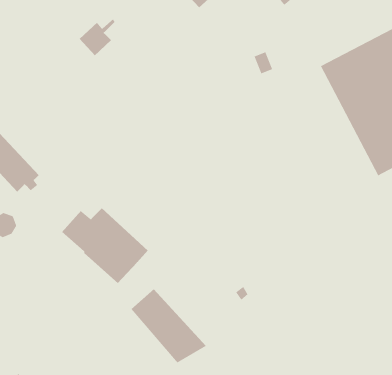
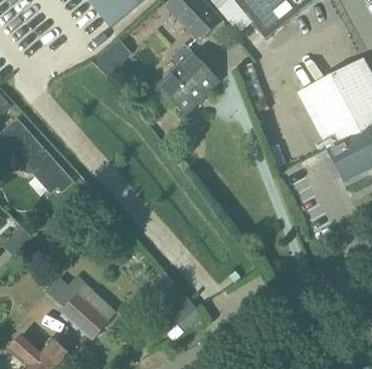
building: none -> [158,43,219,113]
building: [61,208,149,284] -> [43,274,115,337]

